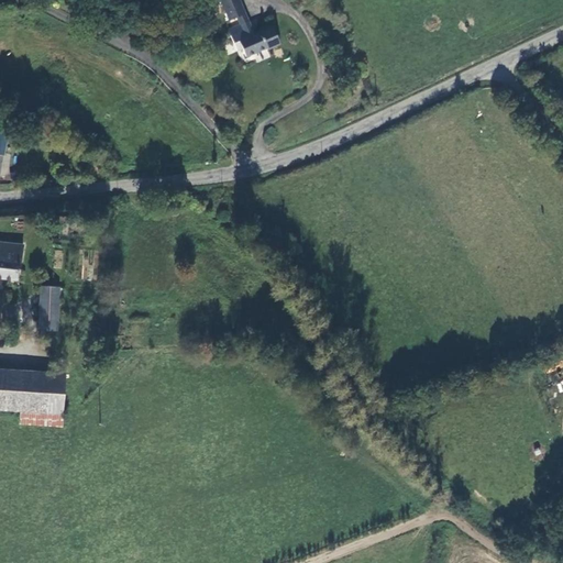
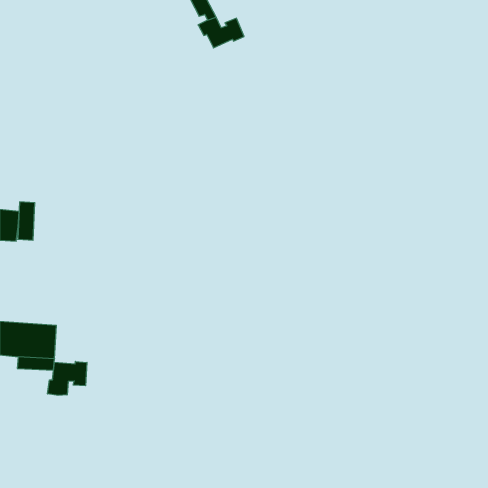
building: [40,285,59,329] -> [18,202,35,240]
building: none -> [48,361,87,395]

